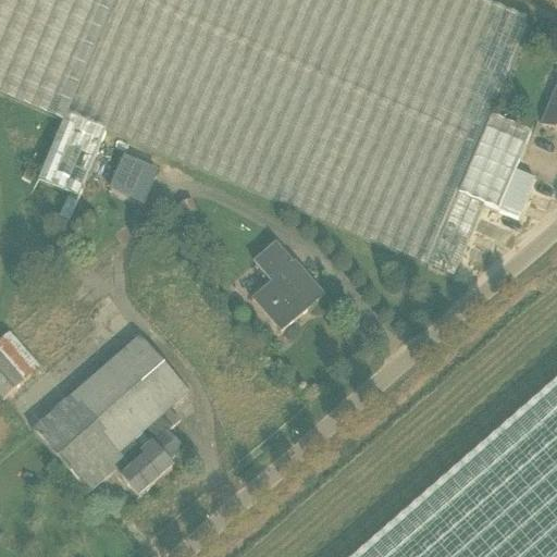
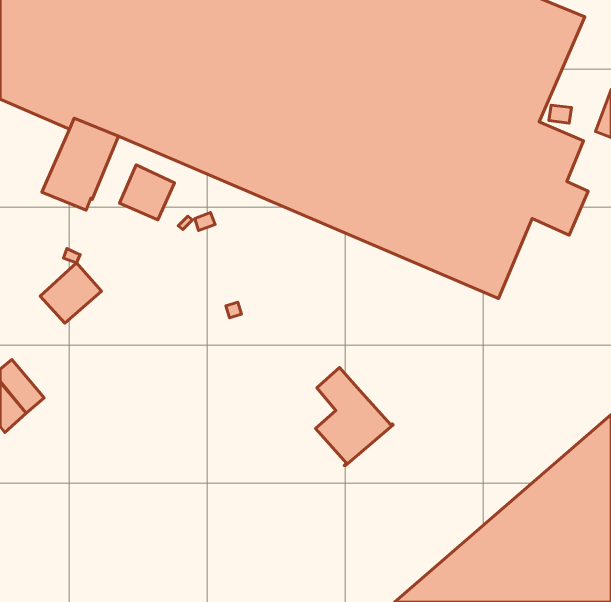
building: [253,238,324,327] -> [316,368,393,466]
building: none -> [40,263,101,323]
building: [33,333,188,492] -> none

